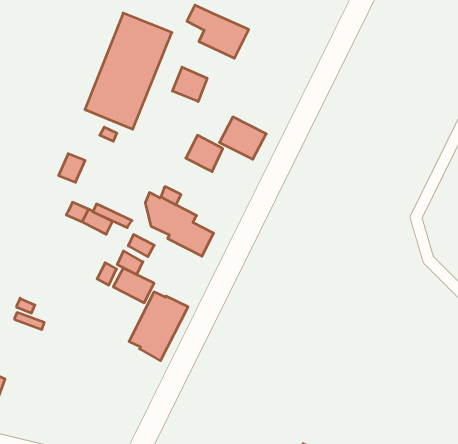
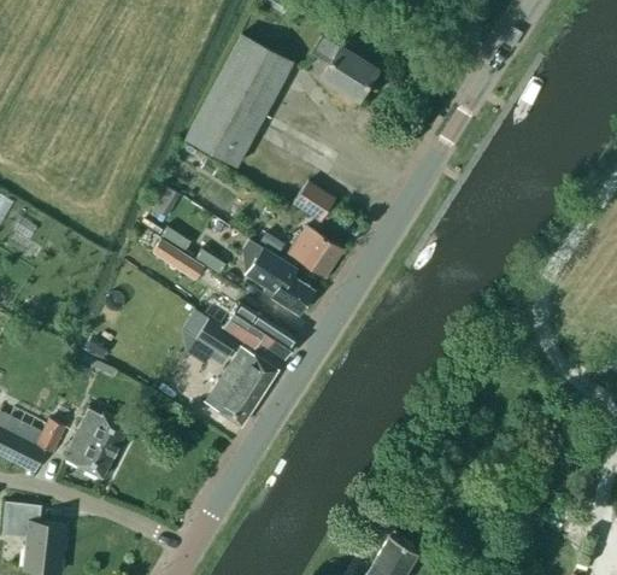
building: [172,67,207,102] -> none
building: [219,117,266,159] -> [288,227,341,276]
building: none -> [239,313,295,358]
building: none -> [63,409,128,479]

